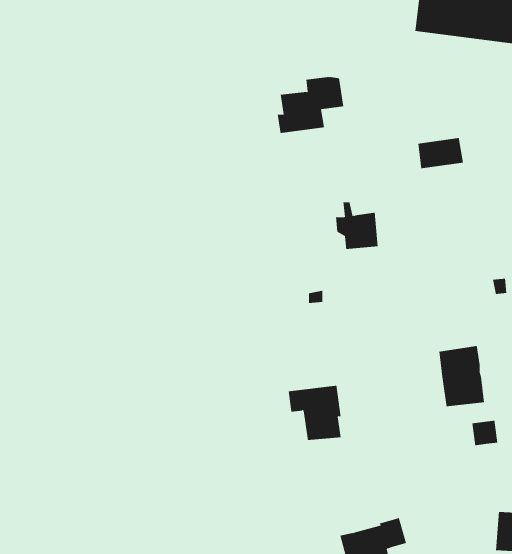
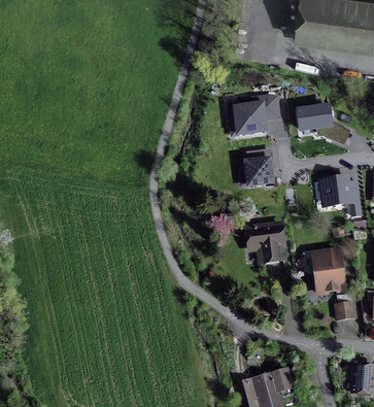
building: [277,77,344,134] -> [232,96,278,135]
building: none -> [319,177,349,206]
building: [288,385,342,441] -> [246,225,283,263]

